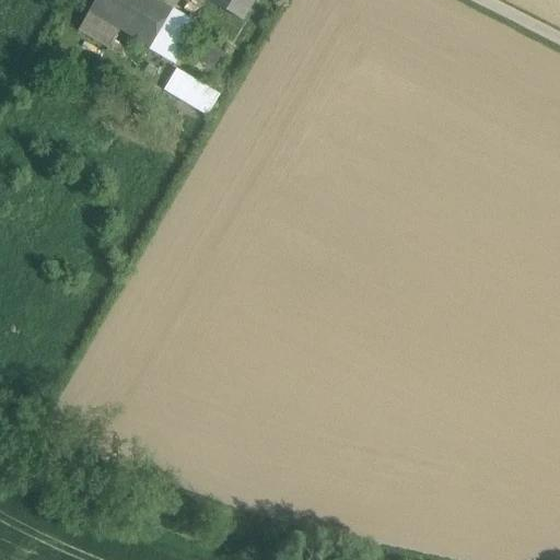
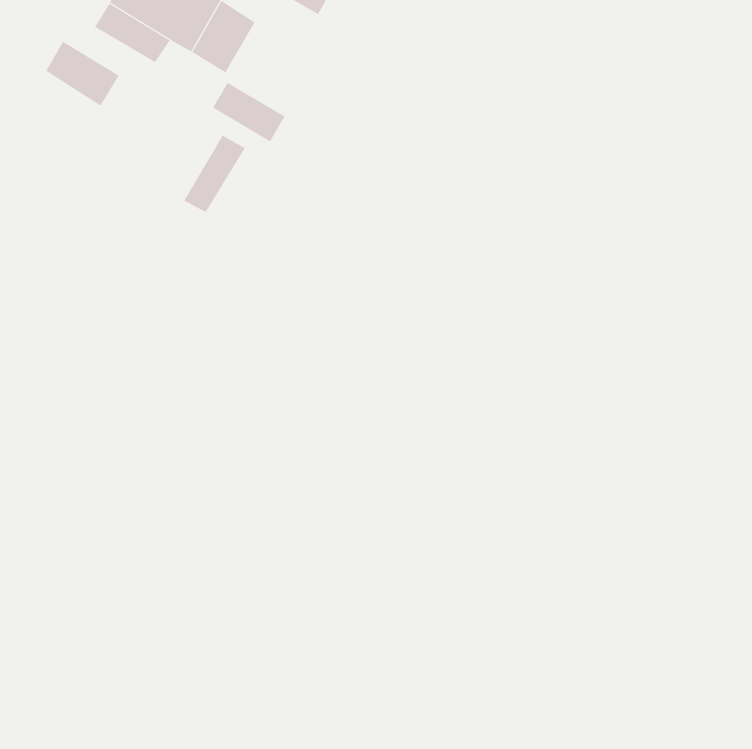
building: none -> [46,41,119,107]
building: none -> [183,135,245,213]

